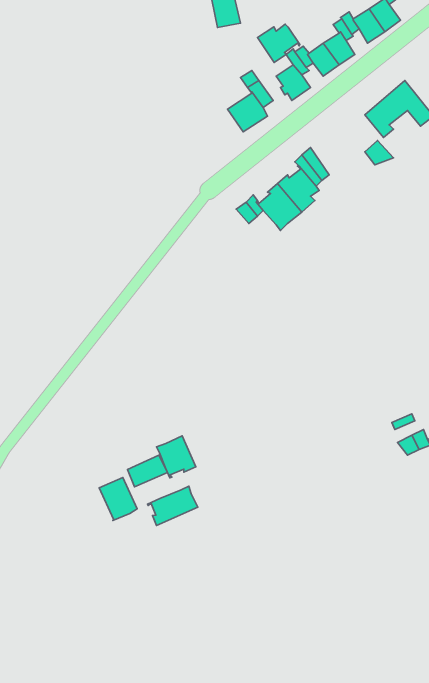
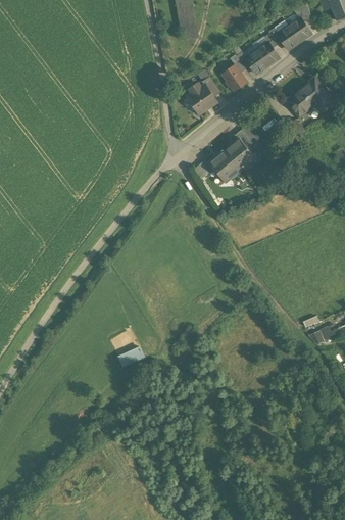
building: [257,24,300,63] -> none
building: [156,436,196,478] -> none
building: [99,478,137,520] -> none
building: [148,486,198,525] -> none

